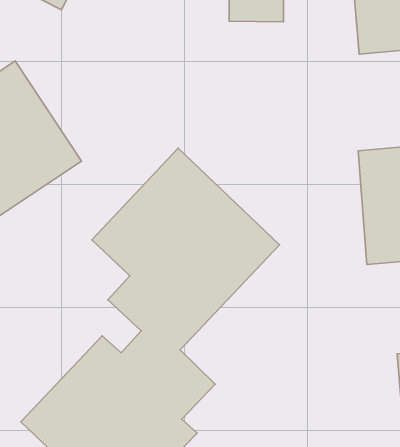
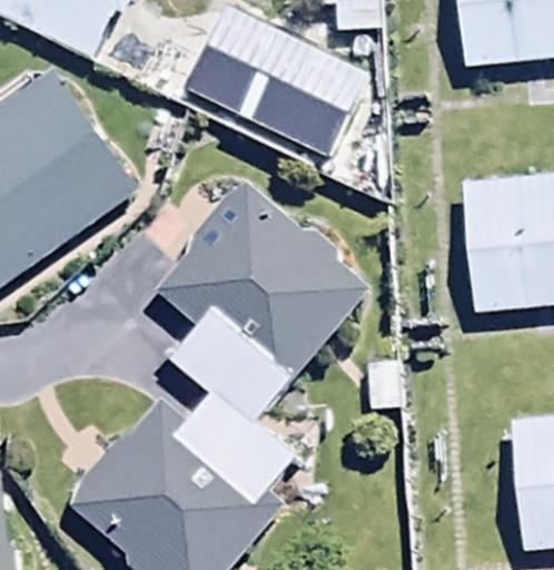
building: none -> [201,16,376,197]

